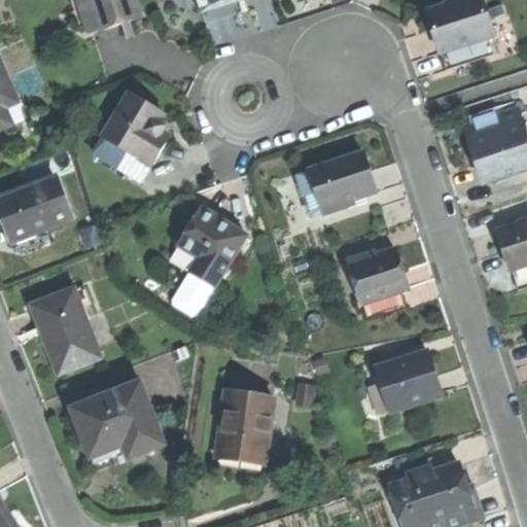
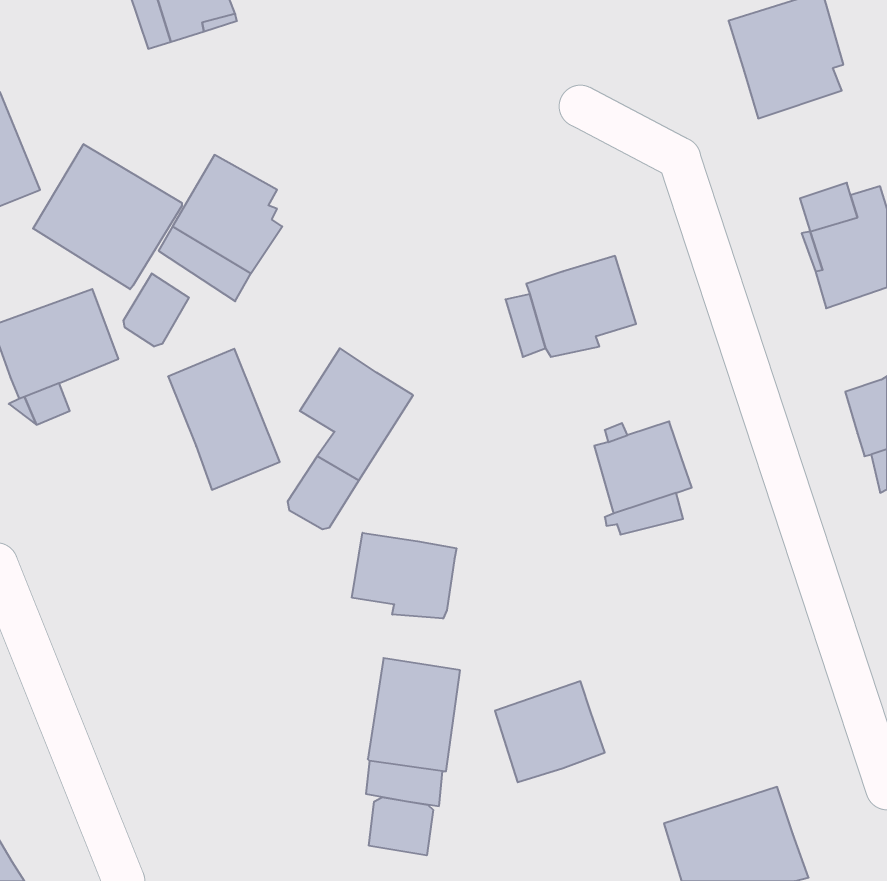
building: none -> [33,144,182,289]
building: none -> [123,273,189,347]
building: [33,284,99,367] -> [168,349,280,490]
building: none -> [352,533,456,619]
building: [375,350,440,410] -> [495,681,605,782]
building: [71,378,162,464] -> none
building: none -> [369,797,433,855]

